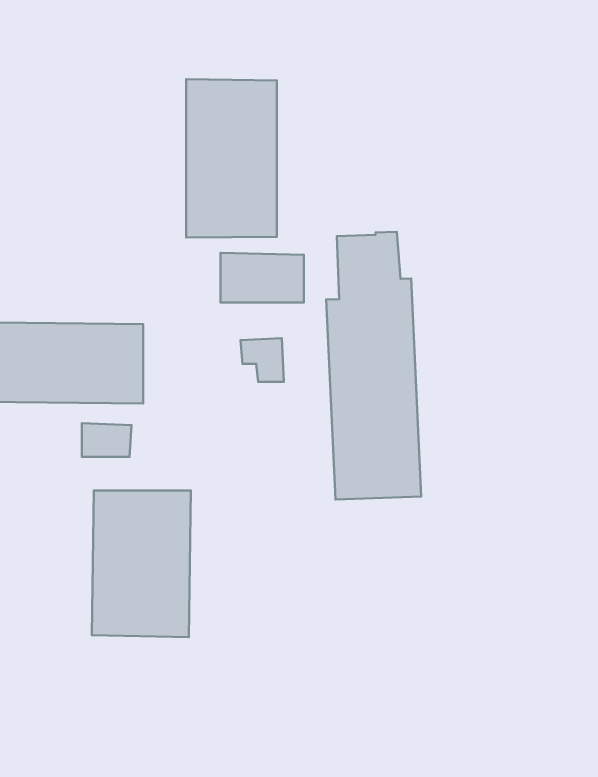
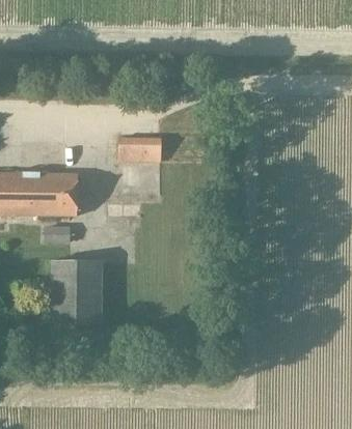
building: [186,79,277,238] -> none
building: [326,232,421,499] -> none

